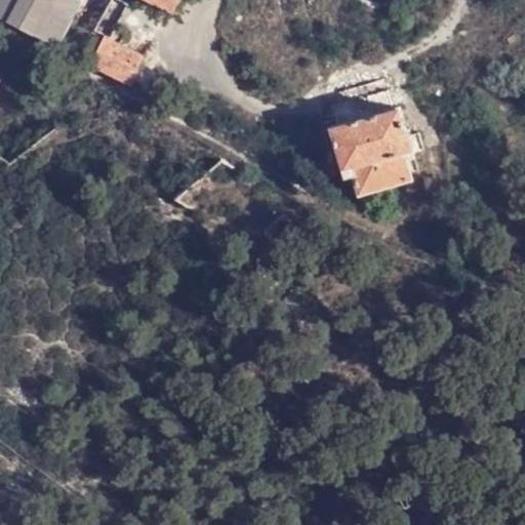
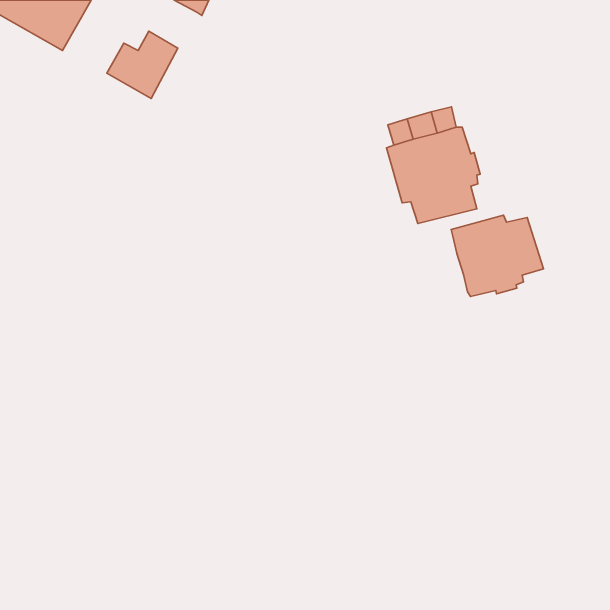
building: none -> [451,215,543,297]

